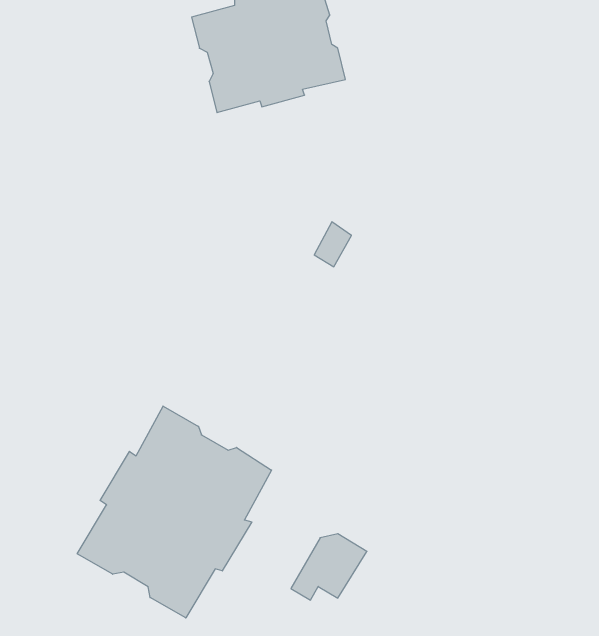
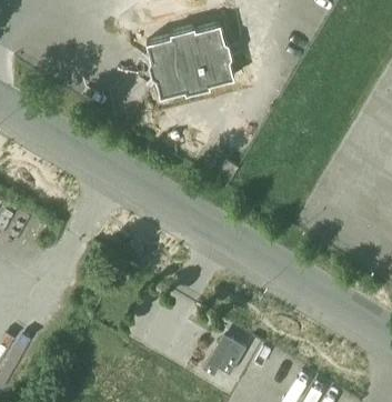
building: [77,406,272,618] -> none

